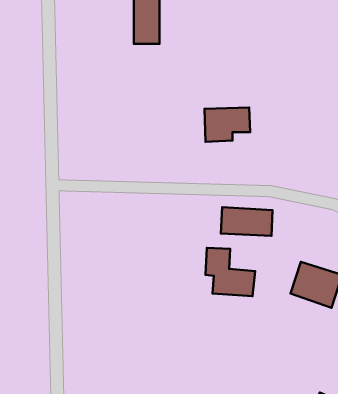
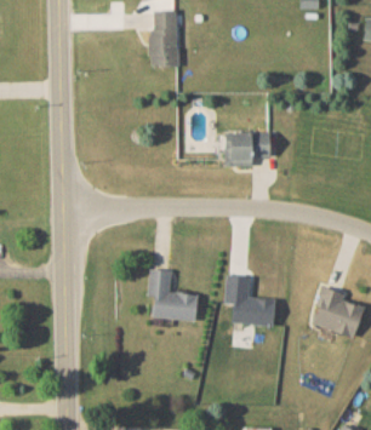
building: [221,207,273,236] -> none
building: none -> [148,270,198,321]

